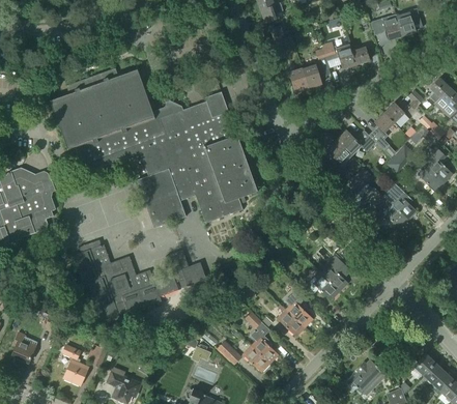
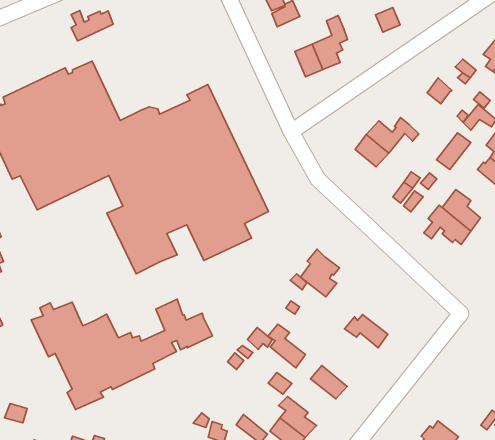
building: none -> [71,10,113,41]
building: [321,42,355,68] -> none
building: [369,113,394,150] -> none
building: [320,255,350,291] -> [300,249,340,297]
building: [285,293,312,327] -> [268,324,306,368]

